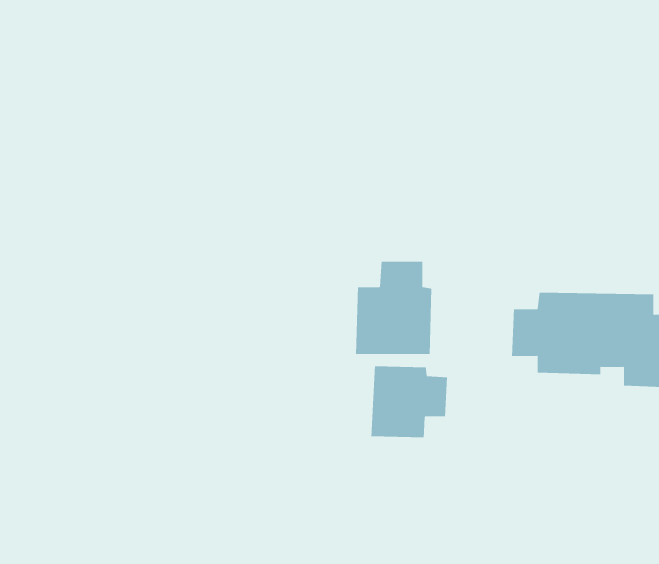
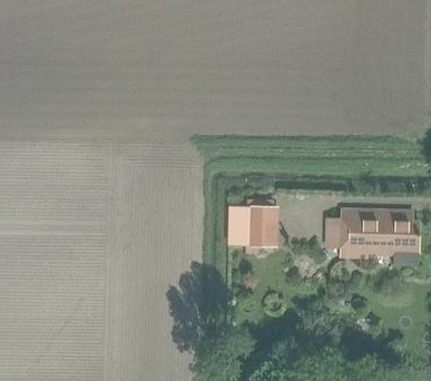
building: [371,365,447,438] -> none

